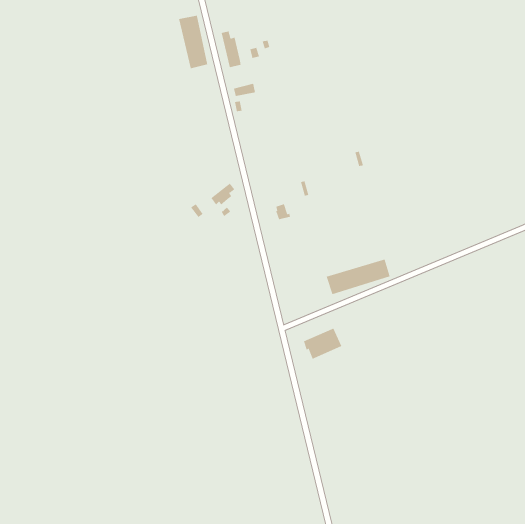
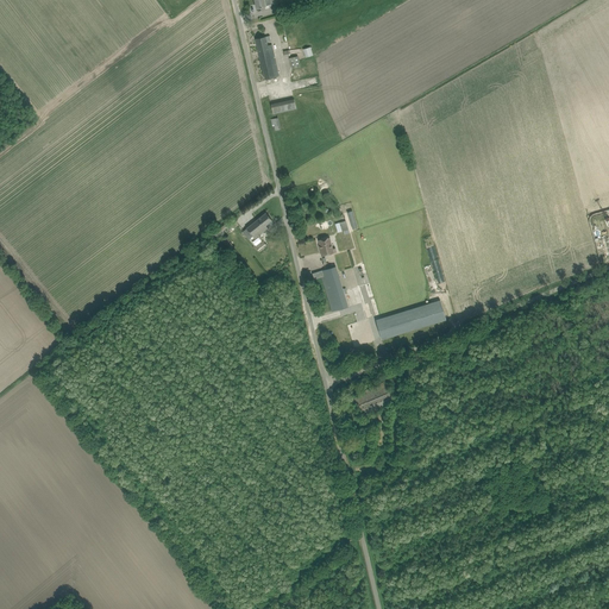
building: [179,15,208,69] -> none
building: none -> [319,265,349,310]

